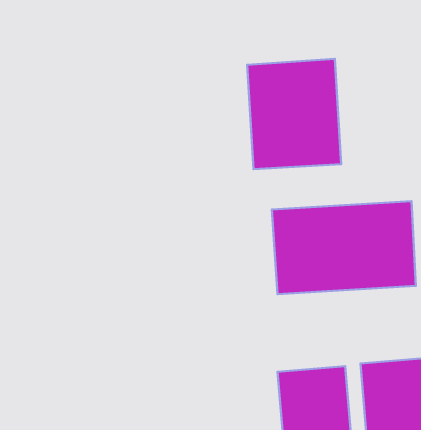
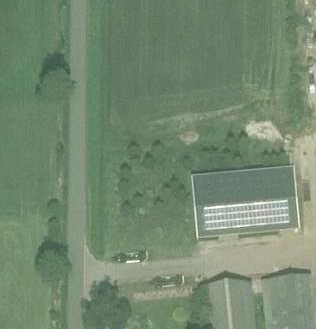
building: [247,59,341,169] -> none

